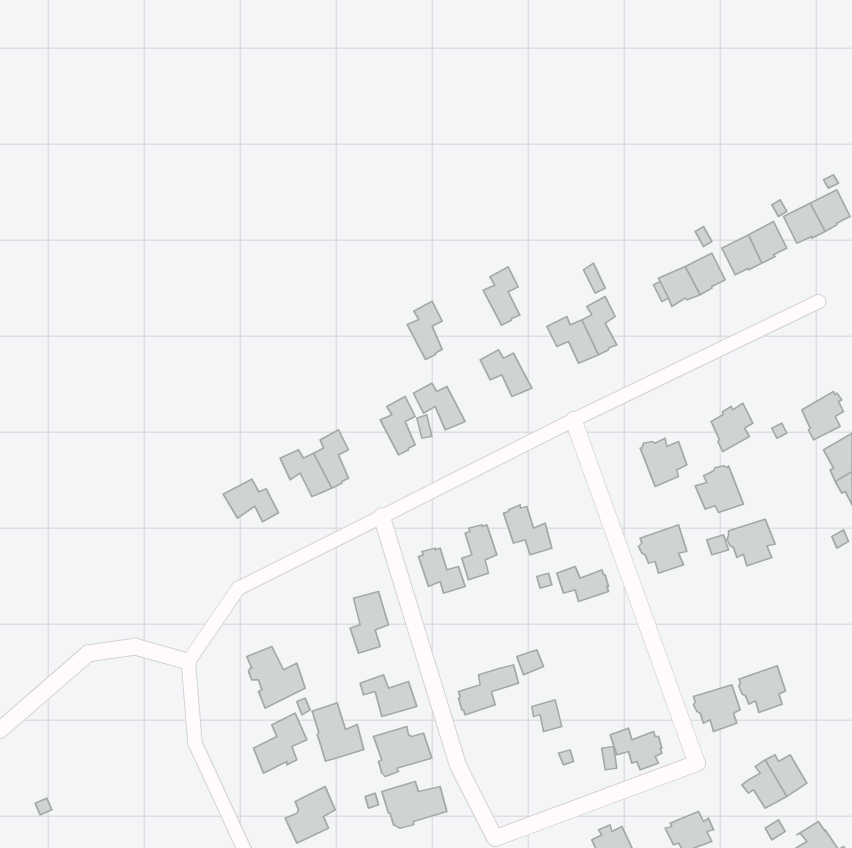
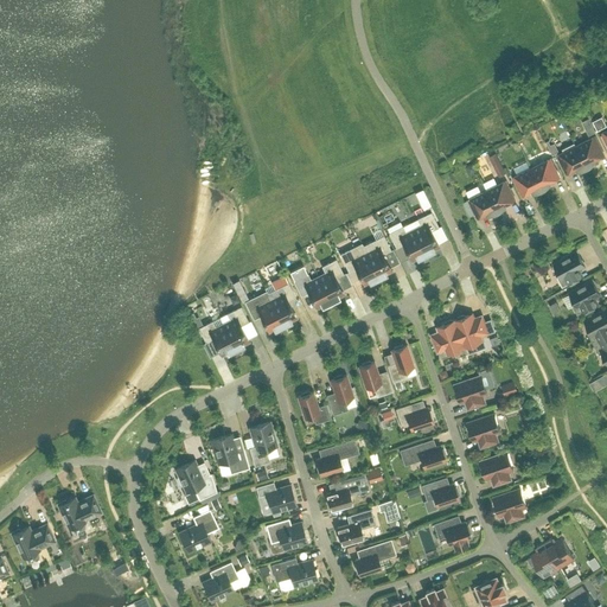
building: [483,267,520,325] -> [365,237,391,279]
building: [407,301,442,359] -> [318,261,343,302]
building: [711,403,753,451] -> [555,253,584,287]
building: none -> [247,299,283,332]
building: [695,466,744,512] -> [432,321,466,354]
building: [223,479,279,522] -> none
building: none -> [388,345,414,383]
building: [727,519,775,566] -> [467,415,501,448]
building: none -> [315,441,359,477]
building: none -> [400,443,446,469]
building: [739,666,785,713] -> [480,453,513,486]
building: none -> [422,481,459,507]
building: none -> [58,496,101,533]
building: [312,703,364,761] -> [212,435,249,477]
building: none -> [337,510,375,544]
building: none -> [12,525,55,562]
building: none -> [354,541,395,577]

